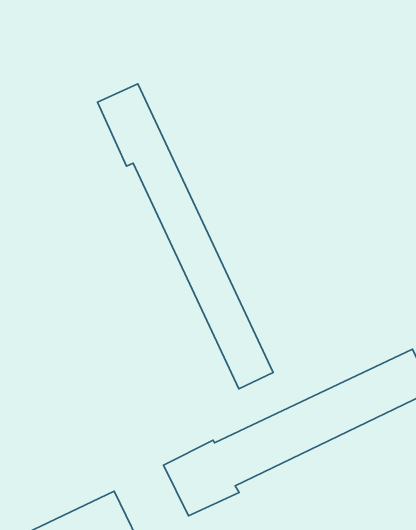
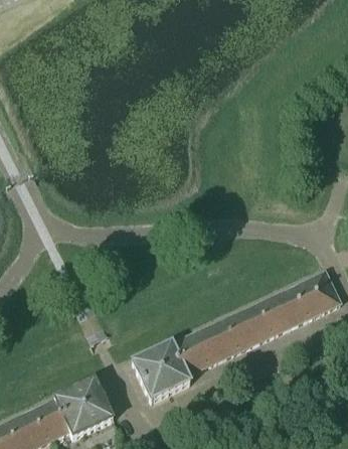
building: [97,84,273,389] -> none

